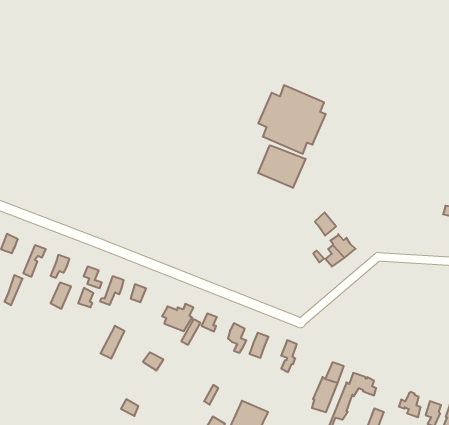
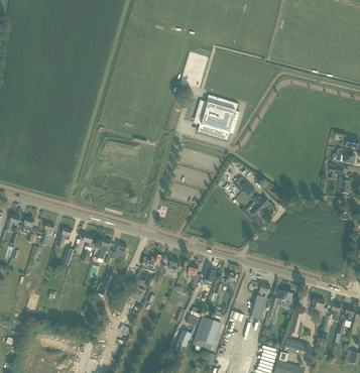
building: [258,145,306,188] -> none

